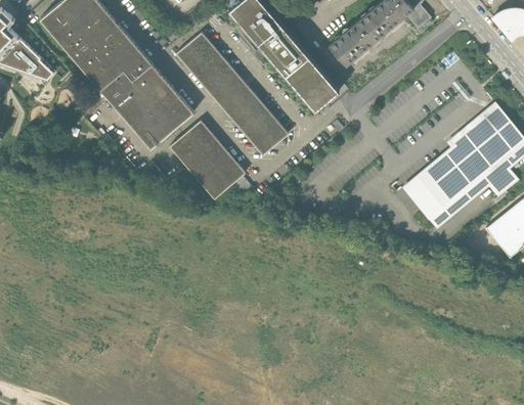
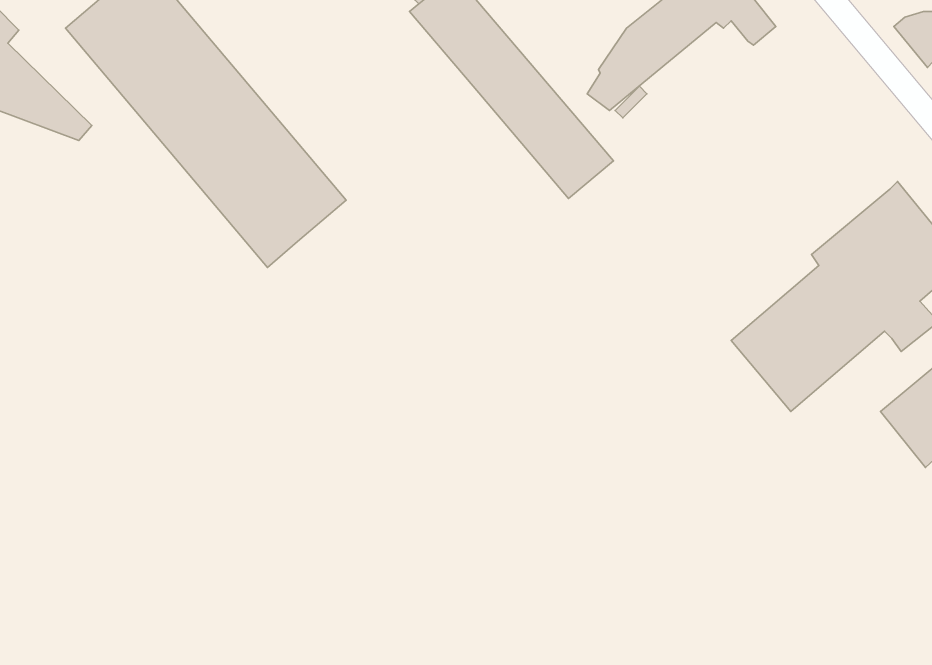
building: [176,33,289,156] -> none
building: [169,122,246,200] -> none

